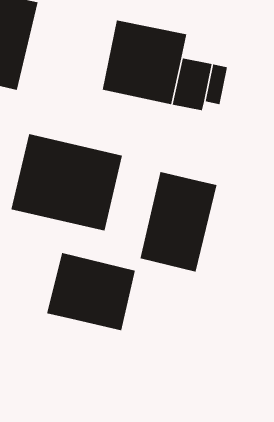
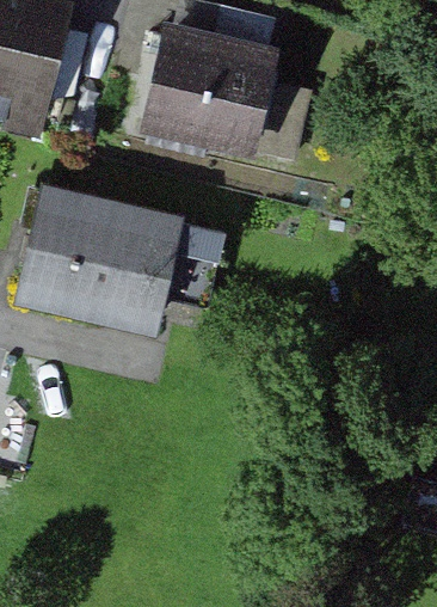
building: [140,171,217,273] -> none
building: [46,252,136,331] -> none

